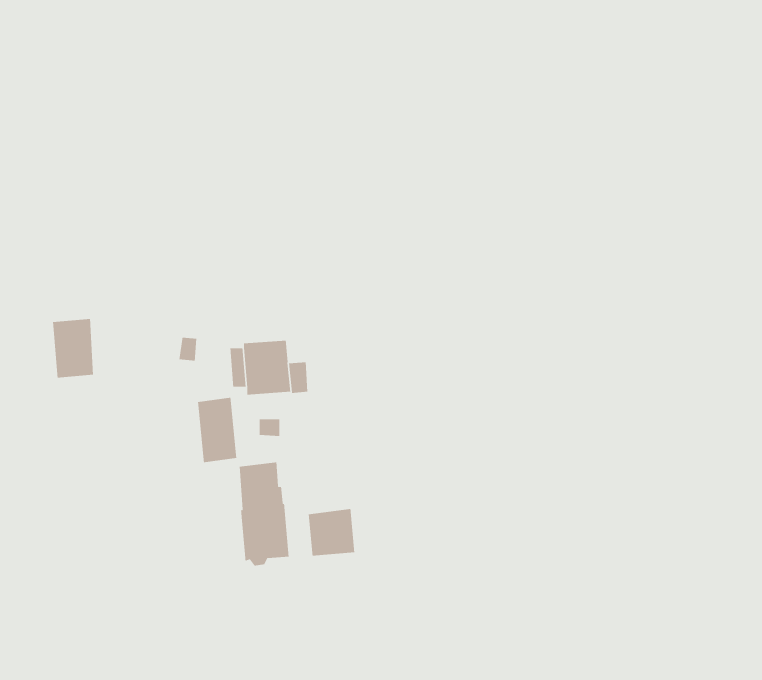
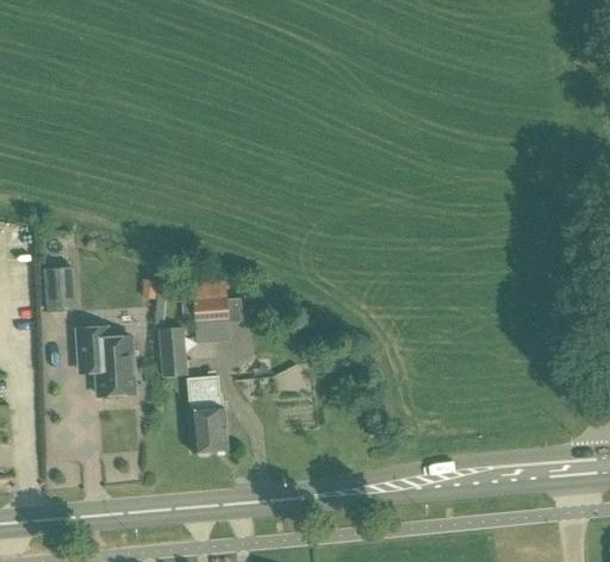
building: none -> [74,326,137,399]
building: [308,508,355,557] -> none

